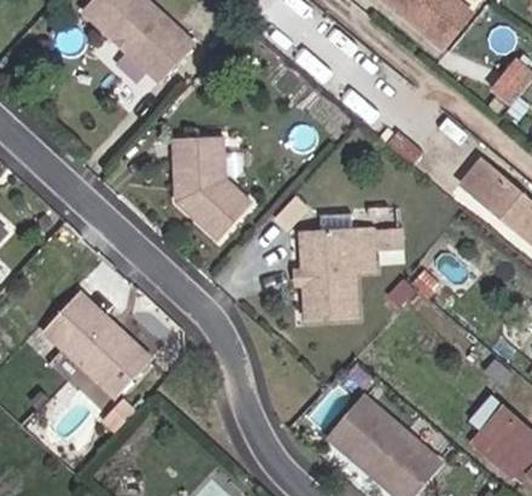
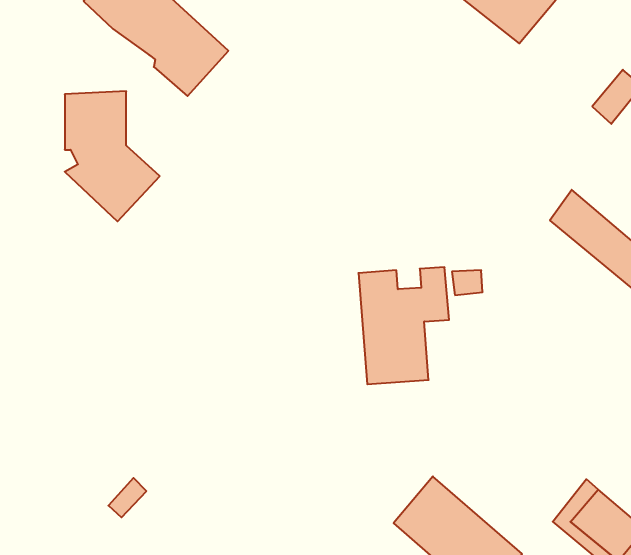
building: [173,130,251,238] -> [65,91,160,221]
building: [37,290,145,396] -> none

